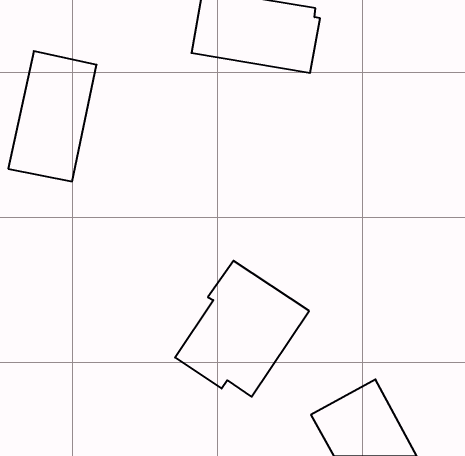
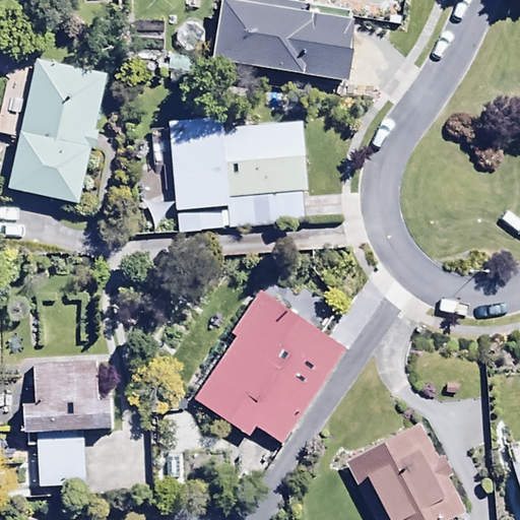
building: none -> [171,113,306,229]
building: none -> [24,360,115,482]

